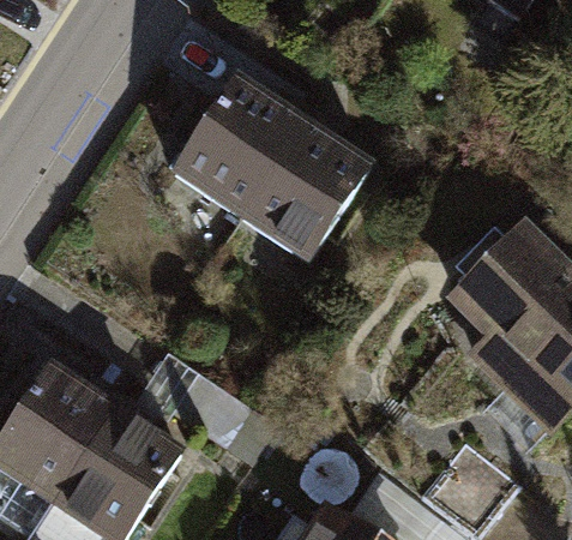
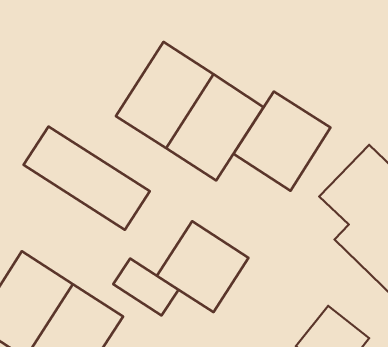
building: none -> [234,91,331,191]
building: none -> [23,126,150,230]
building: none -> [157,221,249,312]

